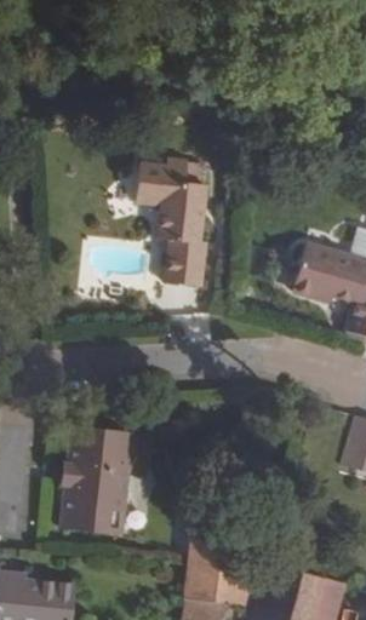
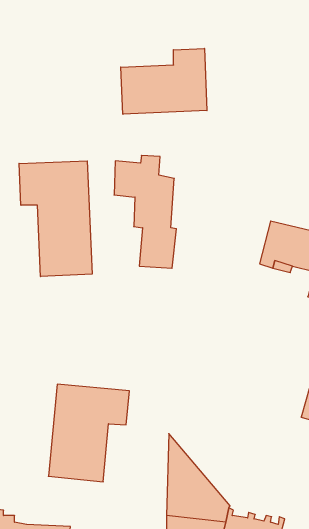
building: none -> [121,48,207,114]
building: none -> [19,161,92,277]

